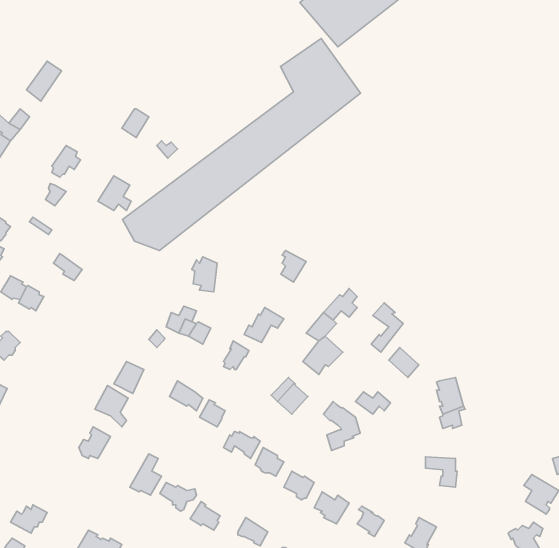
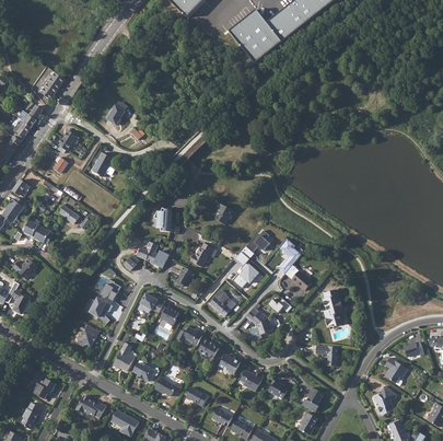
building: [123,38,361,250] -> none

